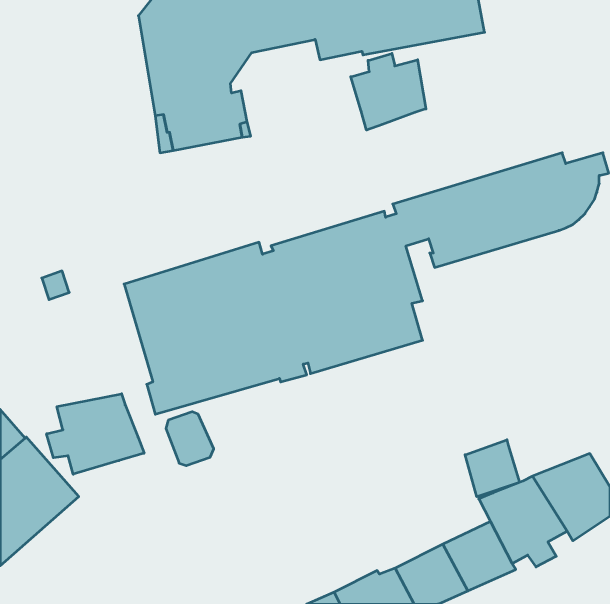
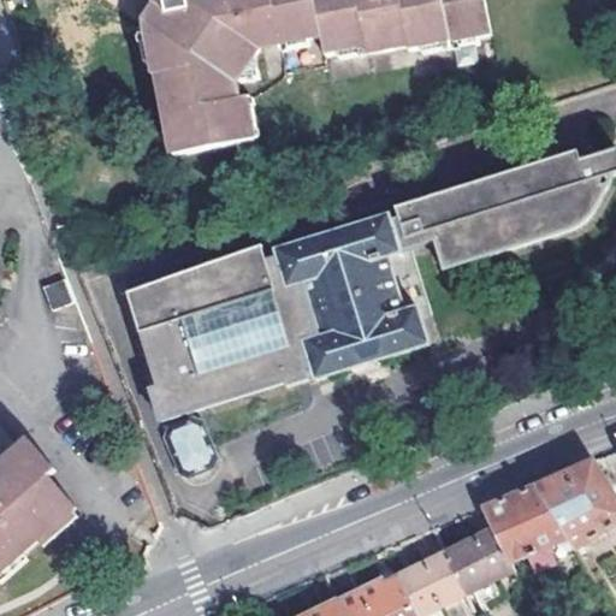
building: [351,53,426,130] -> none
building: [47,394,144,474] -> none
building: [465,440,519,497] -> none

